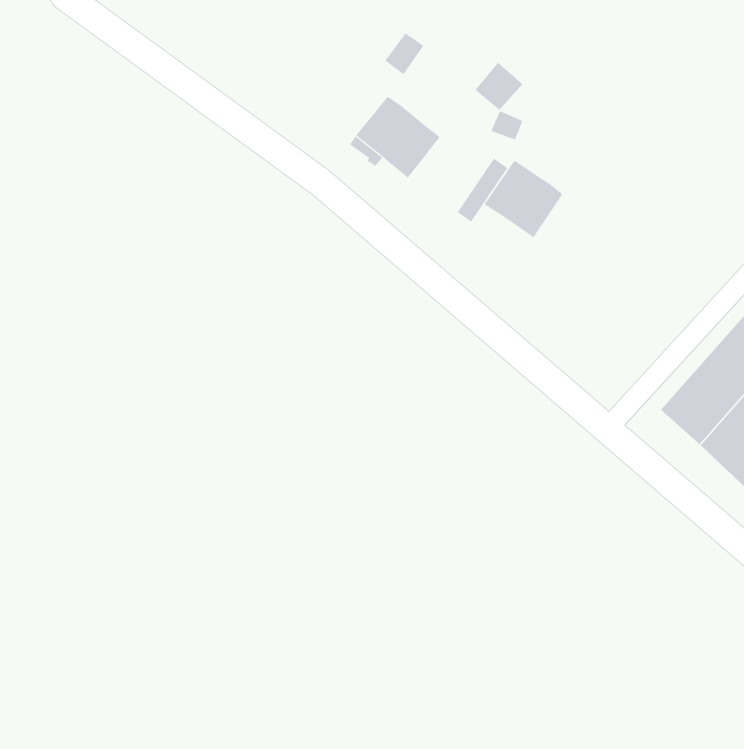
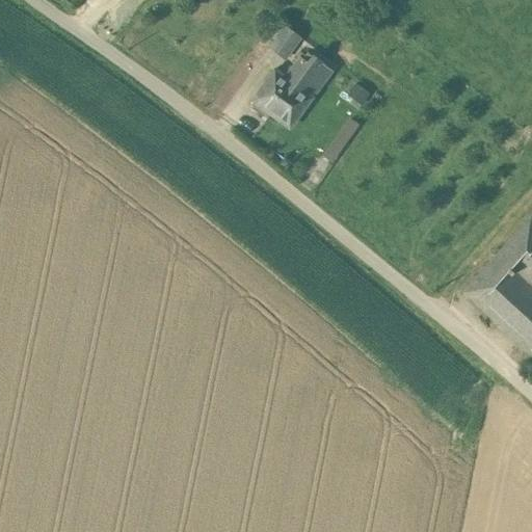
building: [474,62,523,111] -> [290,55,324,89]
building: [484,160,563,238] -> none

